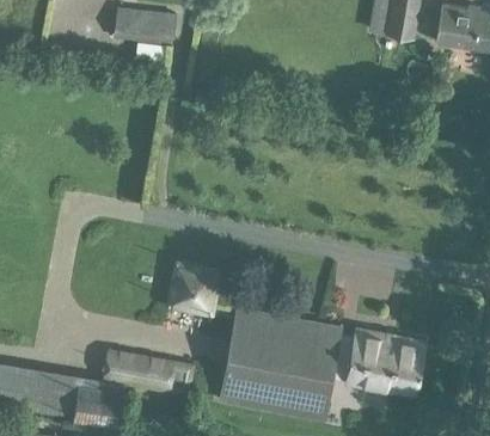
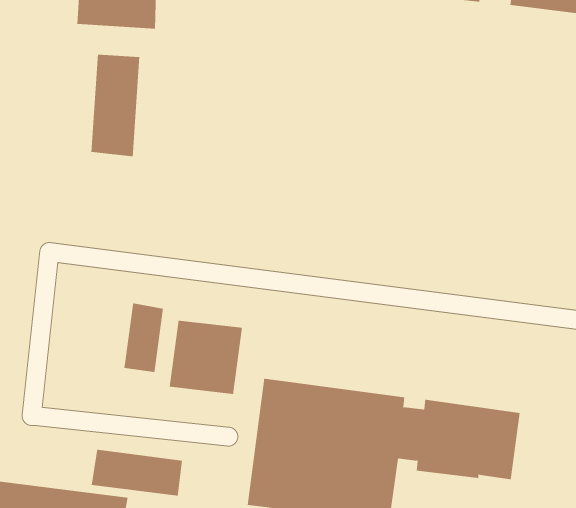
building: none -> [91,54,140,157]
building: none -> [124,303,164,373]

